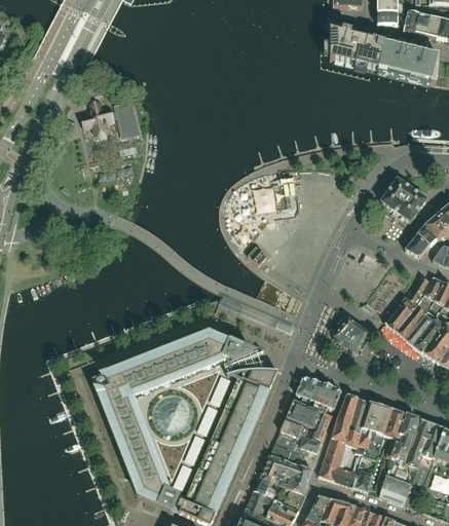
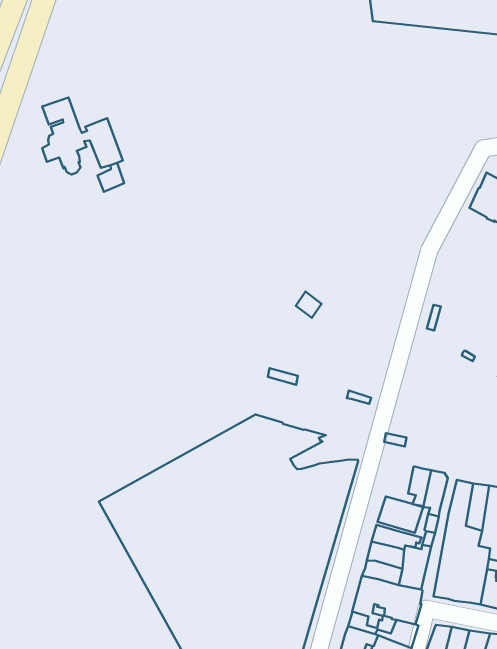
building: [334,317,369,352] -> none
building: [295,376,317,405] -> none

